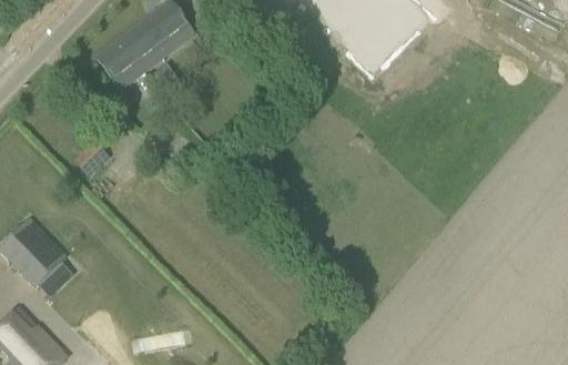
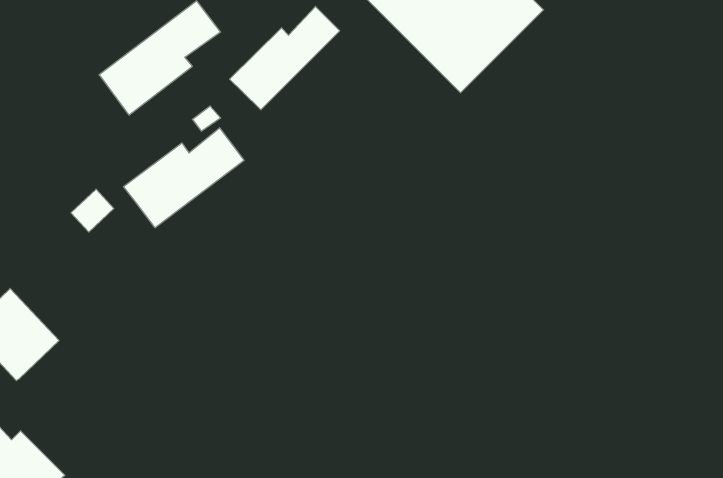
building: none -> [230,6,340,110]
building: none -> [123,128,244,228]

